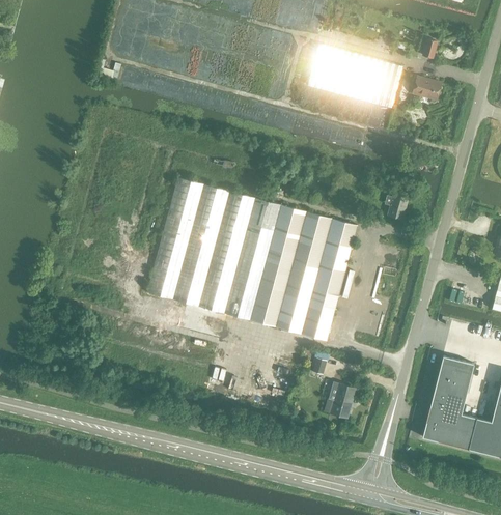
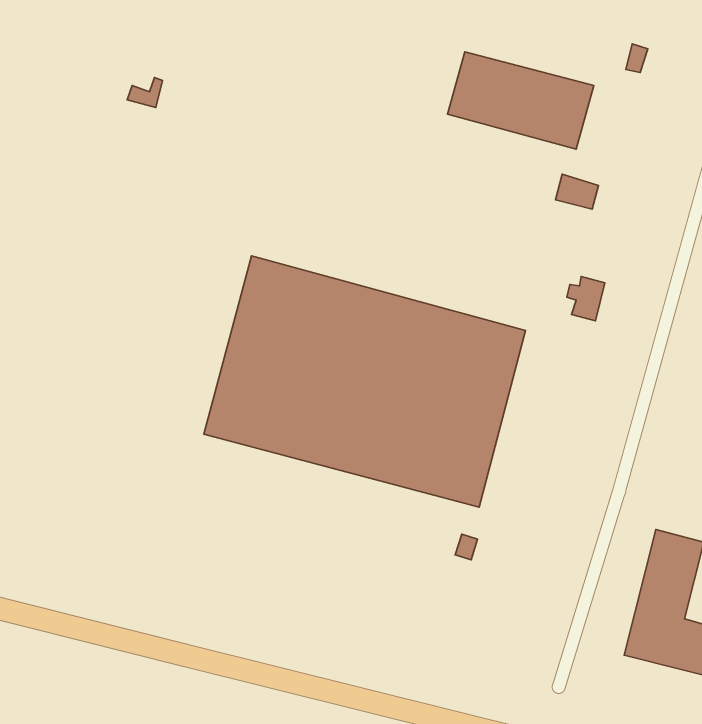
building: [412,77,440,99] -> [556,174,599,209]
building: [328,384,355,419] -> none

